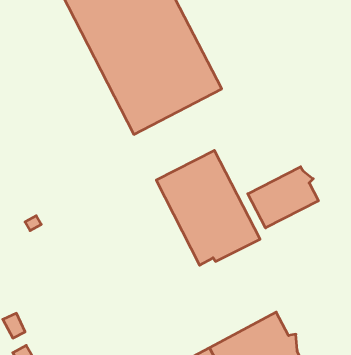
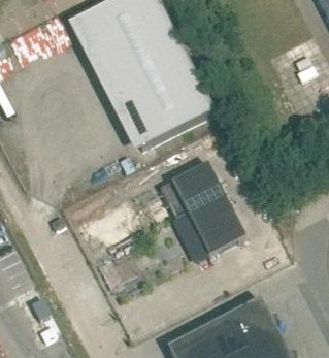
building: [248,167,318,228] -> none

